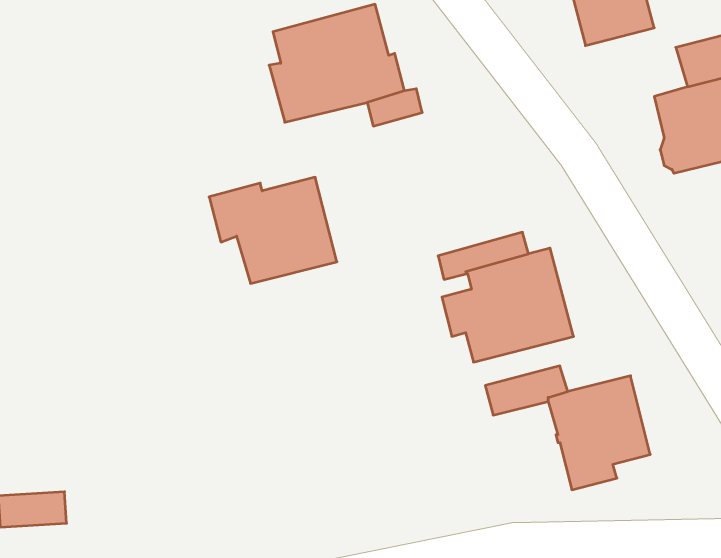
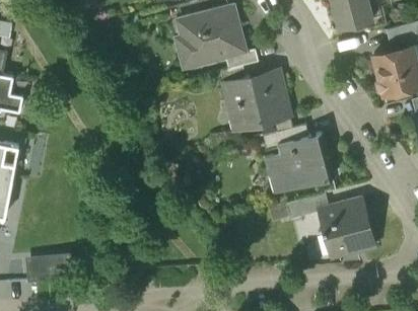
building: [209,177,337,283] -> [222,74,288,129]

